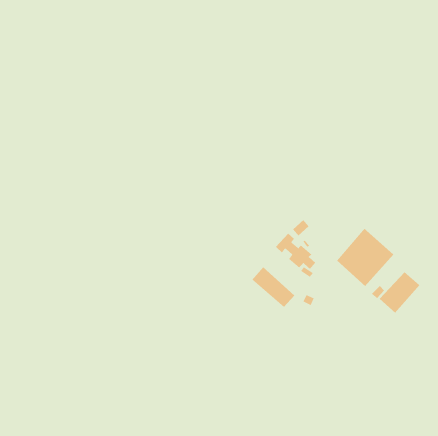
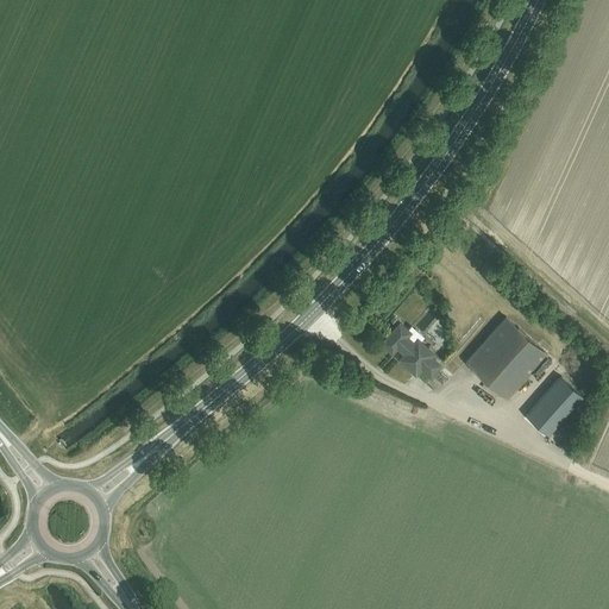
building: [251,266,295,308] -> none

